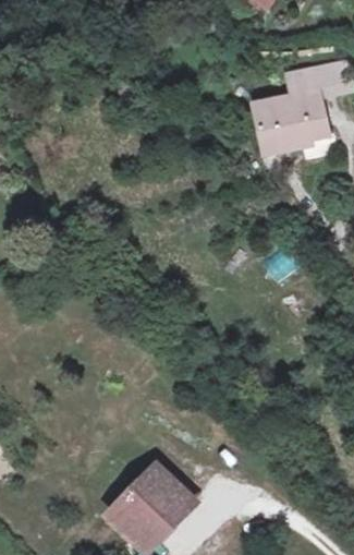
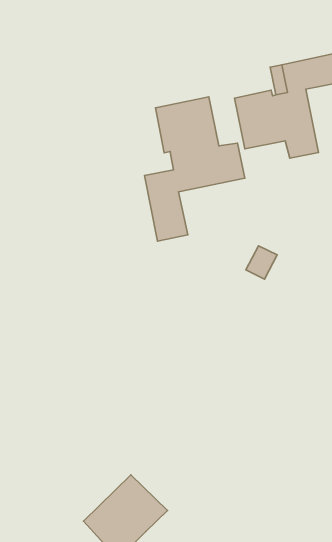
building: none -> [145,97,245,241]

